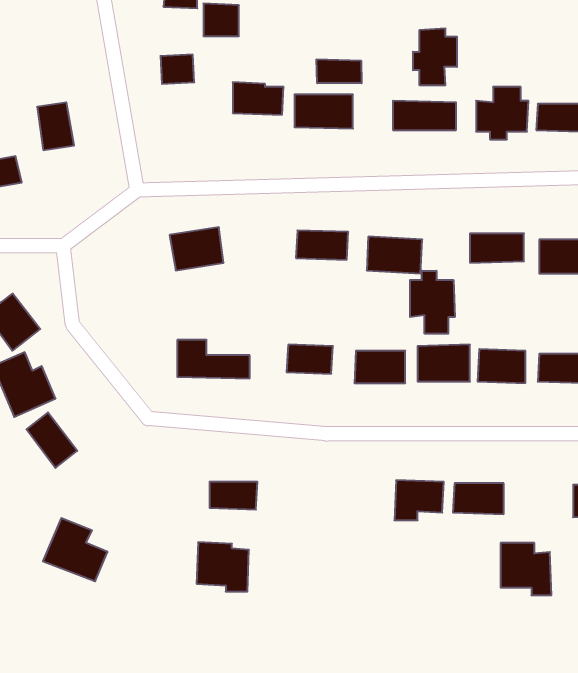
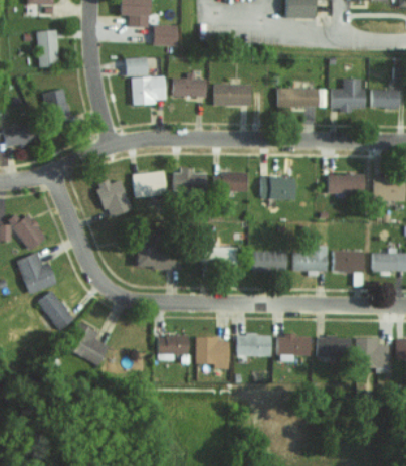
building: none -> [37,30,58,66]
building: [413,28,457,85] -> none
building: [317,59,362,83] -> none
building: none -> [132,75,166,105]
building: none -> [174,169,208,191]
building: none -> [95,179,133,218]
building: [410,271,455,334] -> none
building: none -> [237,335,271,356]
building: [43,518,108,581] -> [66,323,109,364]
building: [197,542,249,592] -> [195,336,229,368]
building: [501,543,551,595] -> [356,338,389,372]

